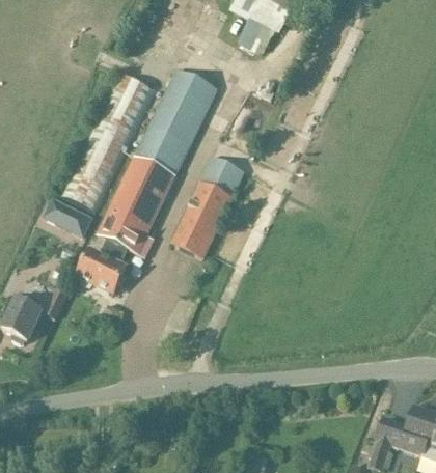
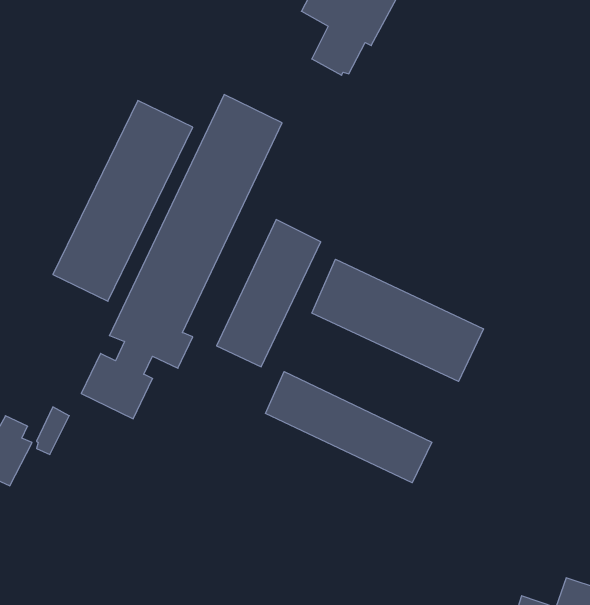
building: none -> [312,259,483,381]
building: [54,203,92,235] -> none
building: none -> [266,372,432,483]

